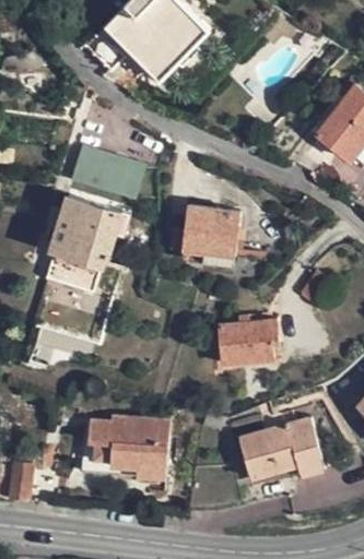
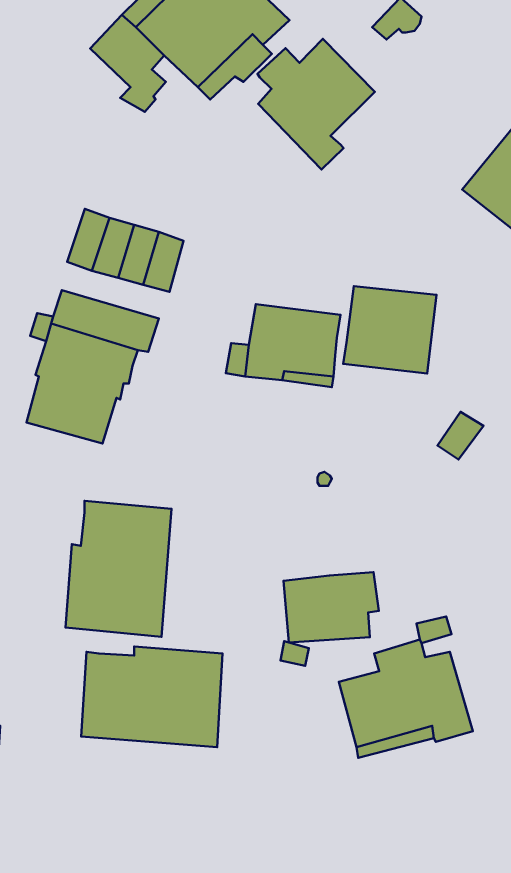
building: none -> [257,39,375,169]
building: none -> [343,286,436,373]
building: [219,319,278,362] -> [284,572,379,643]
building: none -> [66,501,172,637]

